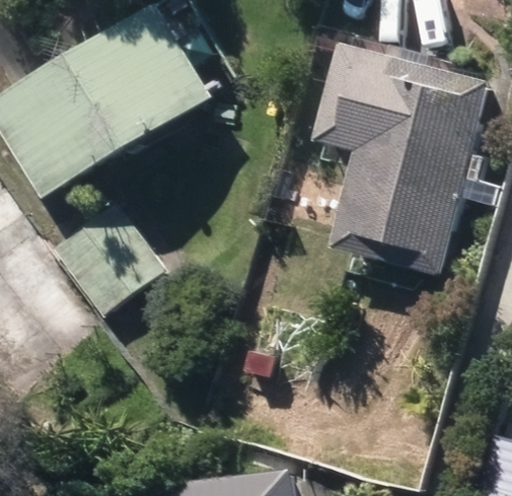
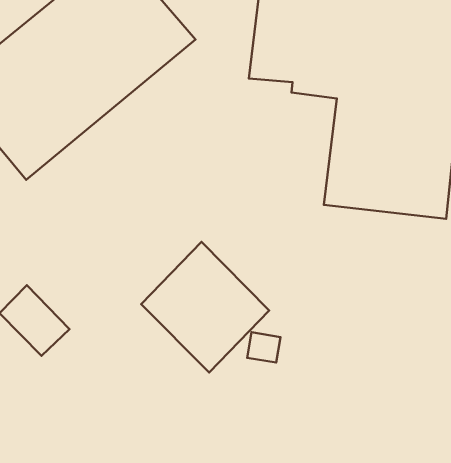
building: [51,201,164,318] -> [141,242,269,372]

